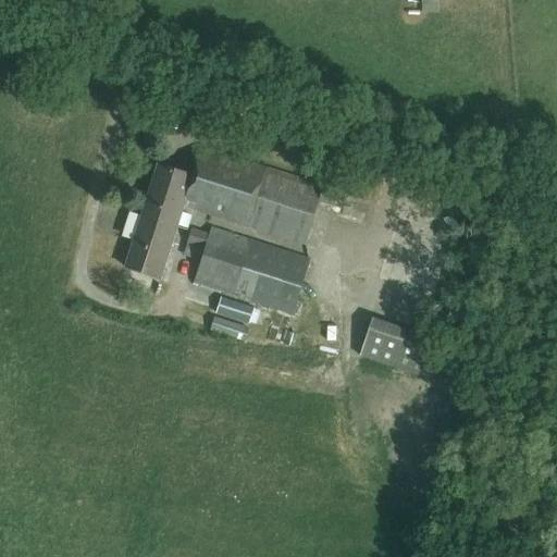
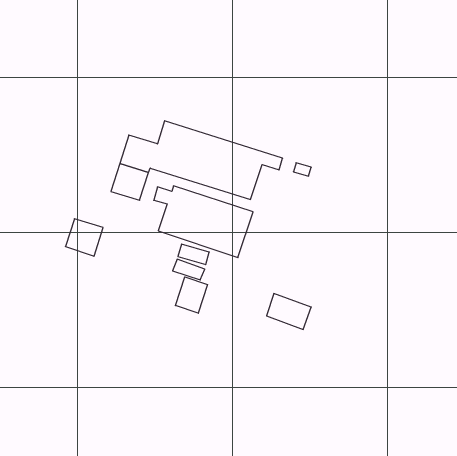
building: [124,233,170,278] -> [65,219,103,256]
building: [361,317,416,360] -> [267,294,311,329]
building: none -> [175,277,208,313]

